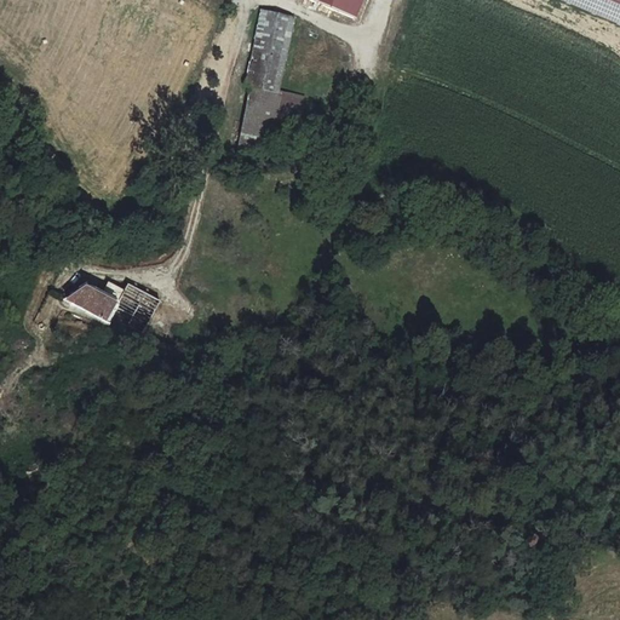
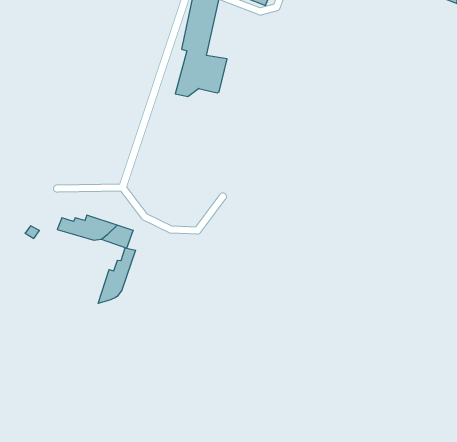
building: none -> [98,248,136,303]

